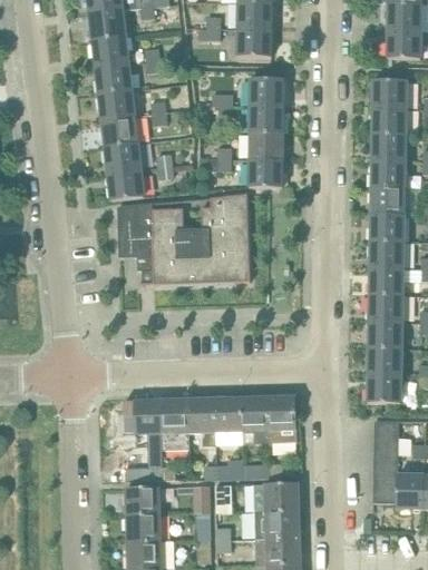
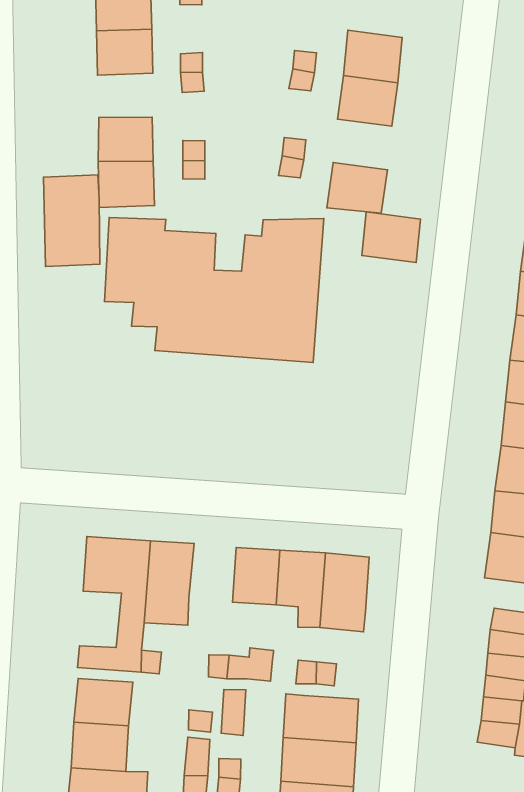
building: [101,115,137,145] -> none
building: [250,131,283,159] -> [362,212,420,263]
building: none -> [44,175,100,267]
building: [188,397,216,444] -> none

